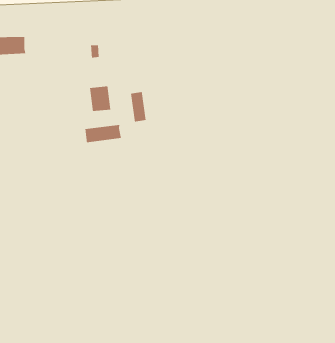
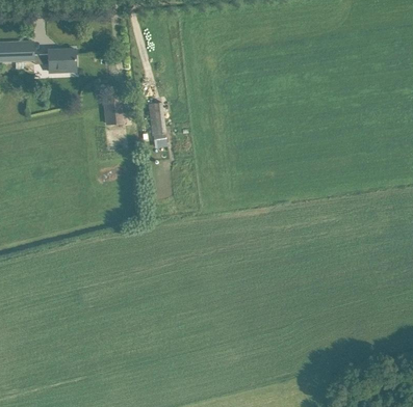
building: none -> [47,48,75,74]
building: [85,124,121,143] -> none

